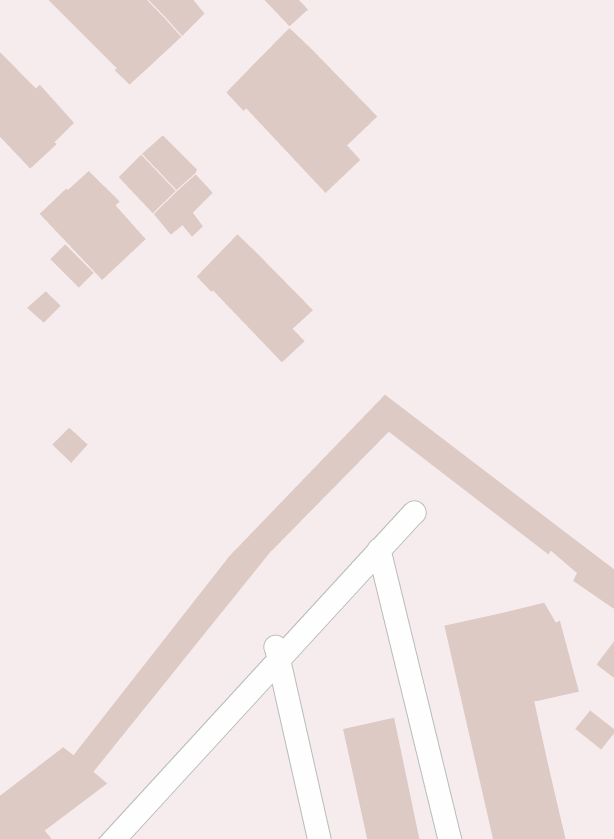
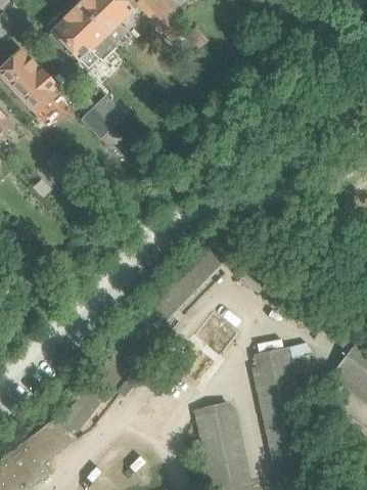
building: [225,27,378,194] -> none
building: [39,170,146,281] -> none
building: [196,234,314,363] -> none

